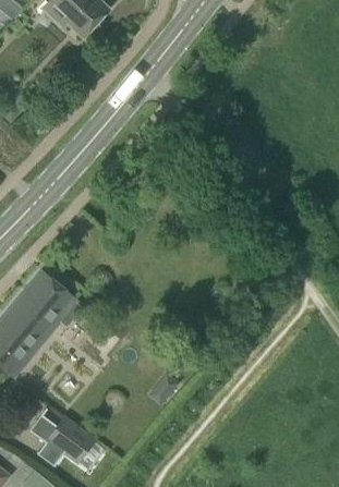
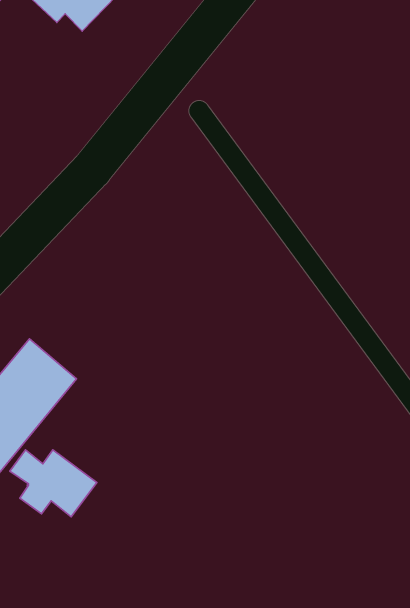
building: [29,414,96,465] -> [10,450,97,517]

